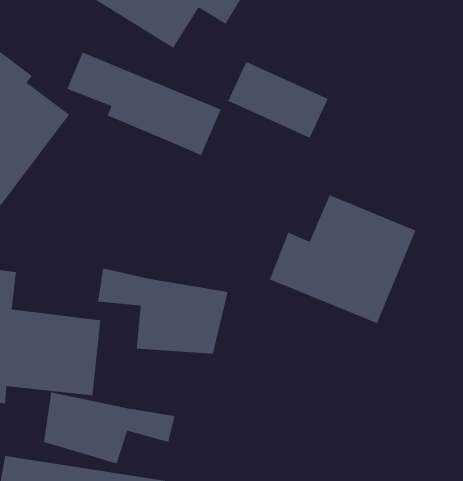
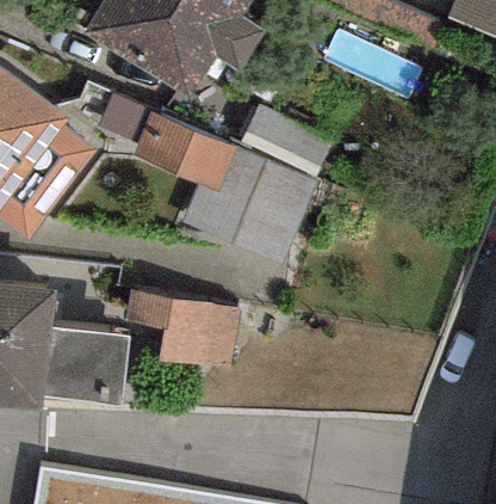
building: [269,194,416,324] -> [182,148,314,264]
building: [43,391,175,464] -> none

